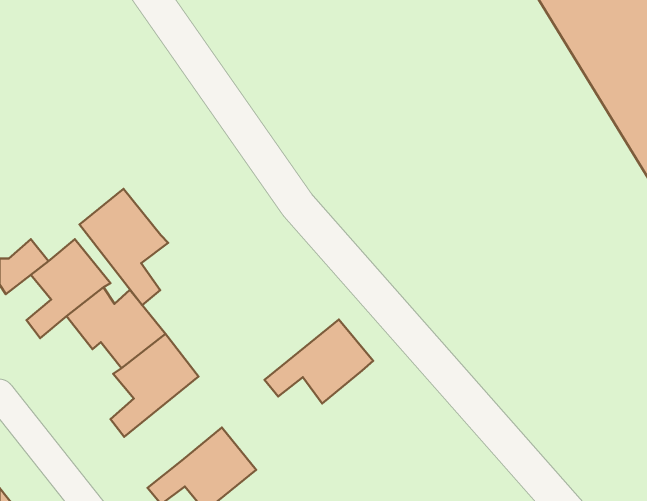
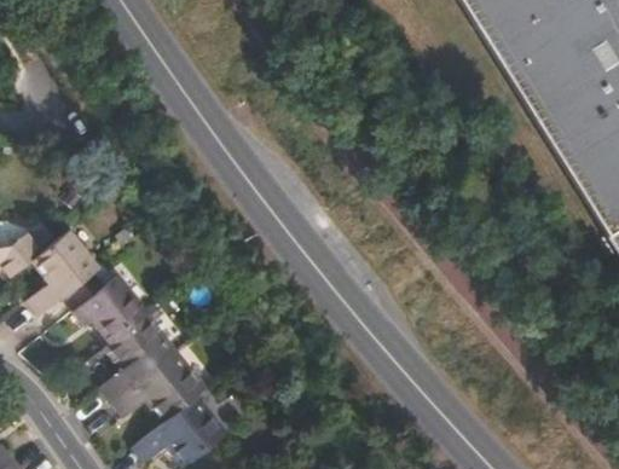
building: [80,189,168,305] -> none
building: [264,320,373,403] -> [112,348,208,422]

